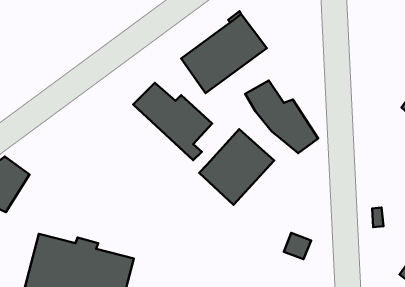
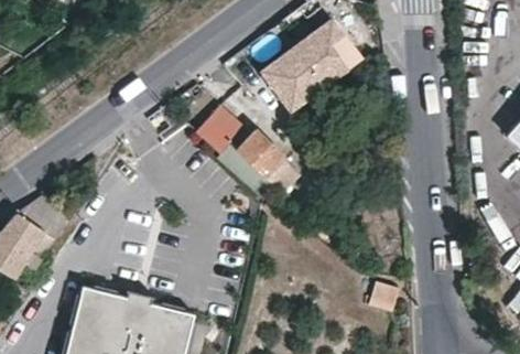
building: [245,80,318,153] -> none
building: [199,129,274,205] -> none

